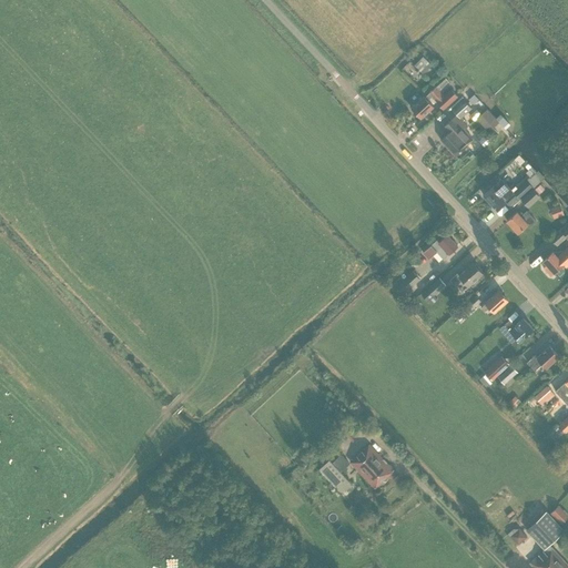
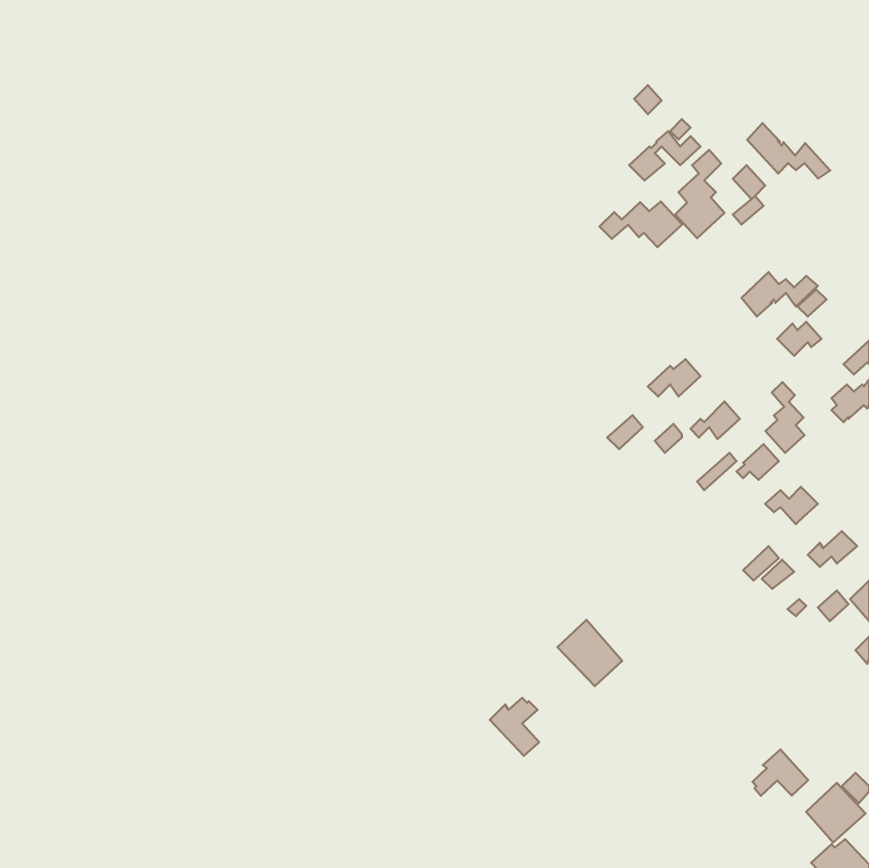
building: none -> [747,123,830,179]
building: none -> [599,201,682,247]
building: none -> [766,382,805,453]
building: [351,445,393,488] -> [558,620,622,686]
building: none -> [753,750,808,796]

